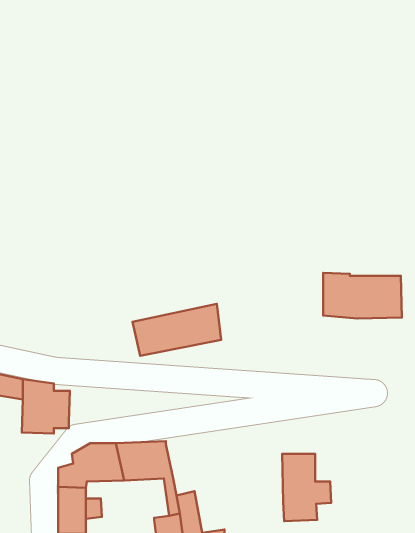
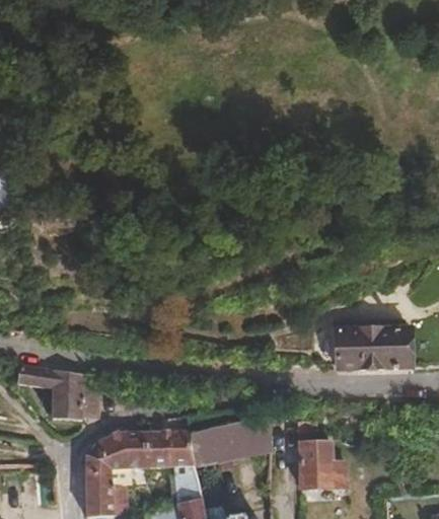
building: [323,273,402,319] -> [335,327,410,371]
building: [133,304,221,356] -> [189,416,273,465]

